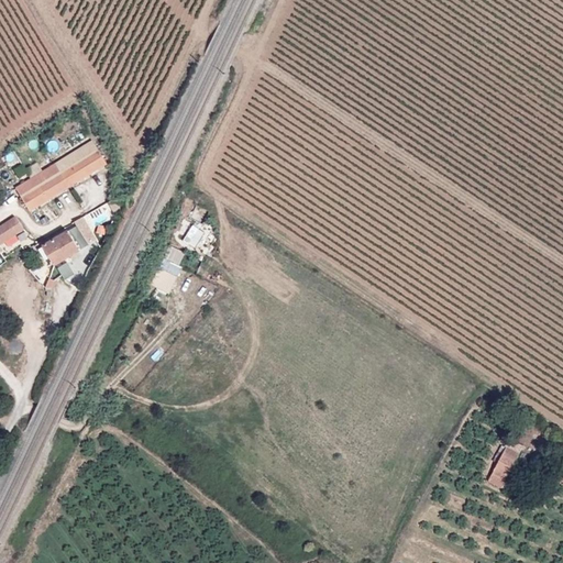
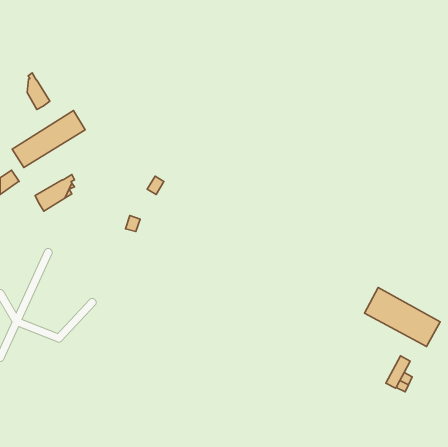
building: none -> [27,73,50,110]
building: none -> [365,287,440,347]

